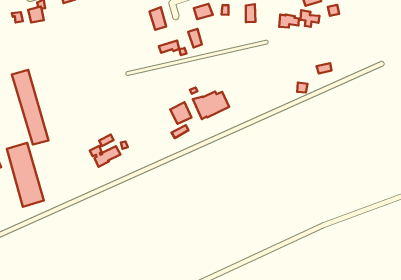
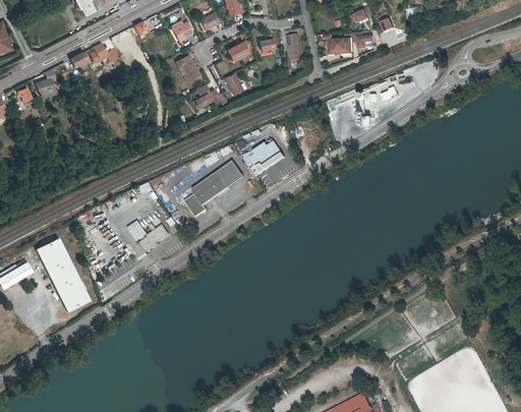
building: [12,70,49,145] -> none
building: none -> [186,172,230,216]

